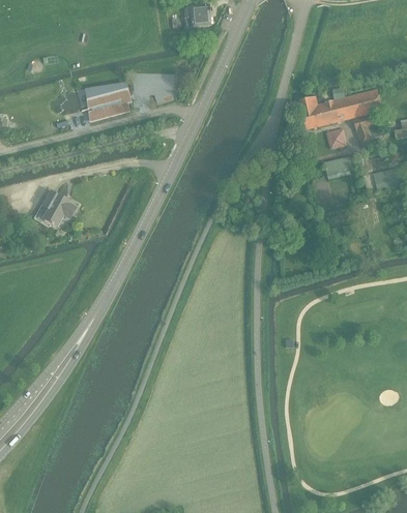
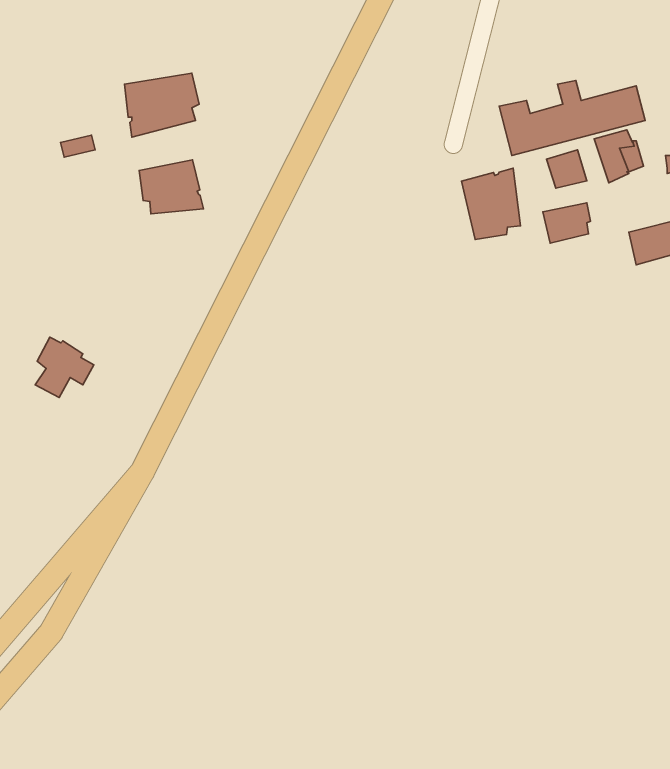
building: none -> [139,160,203,214]
building: none -> [462,168,520,240]
building: [41,190,75,224] -> [35,337,94,398]

